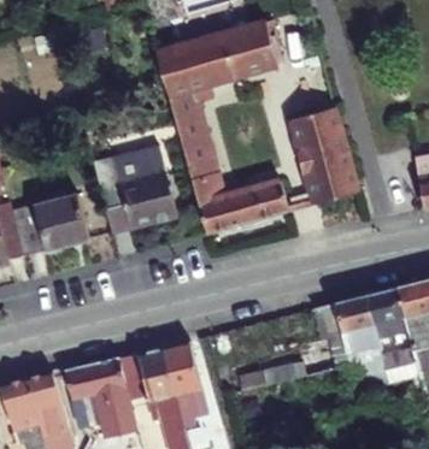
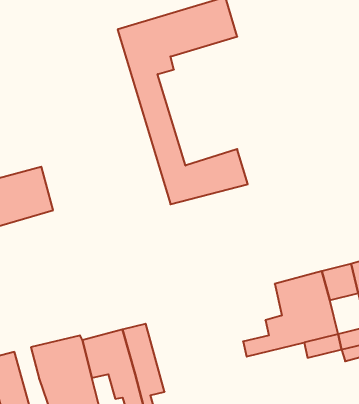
building: [292,102,355,197] -> none
building: [95,143,177,228] -> none

